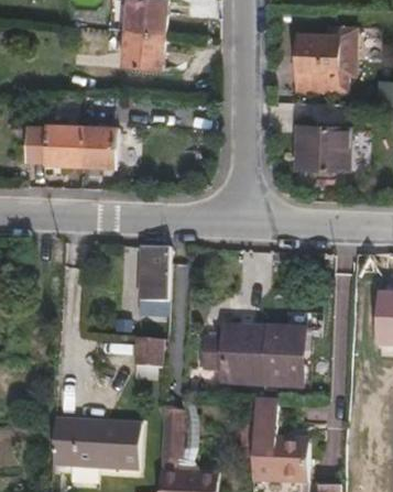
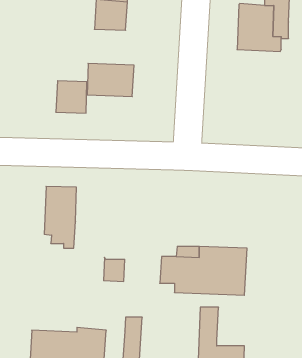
building: [297,122,346,170] -> none
building: [26,125,83,165] -> [87,63,134,97]
building: [135,245,174,319] -> [44,186,76,248]

